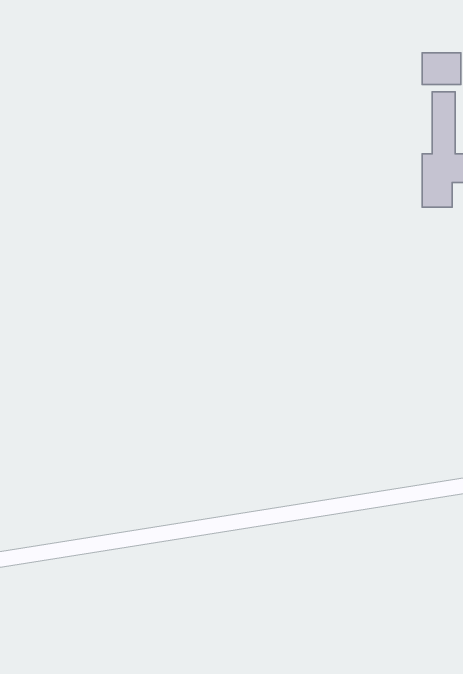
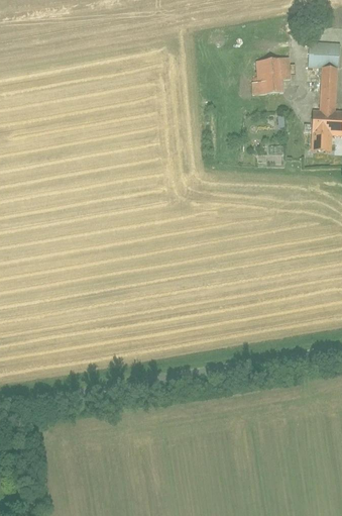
building: none -> [259,58,294,94]

